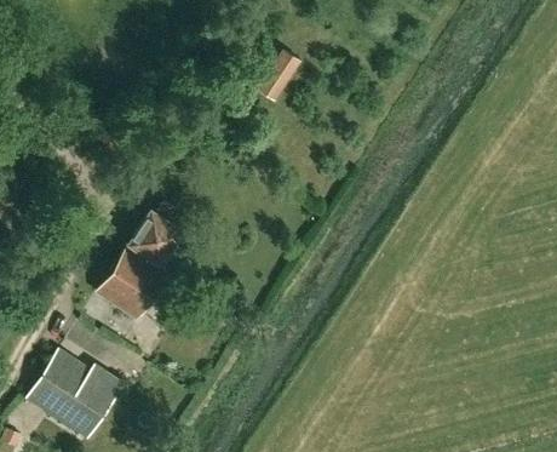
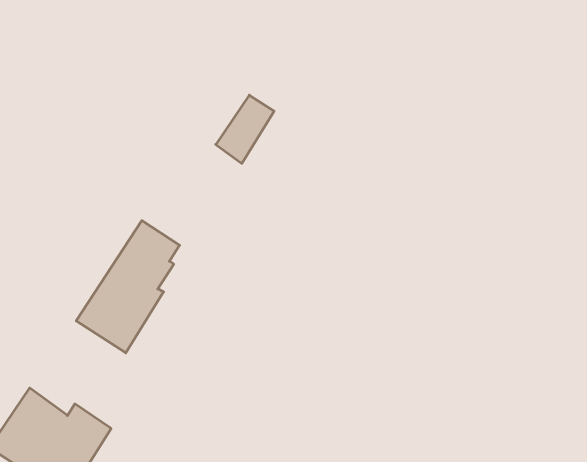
building: [254,46,303,103] -> [216,95,274,163]

